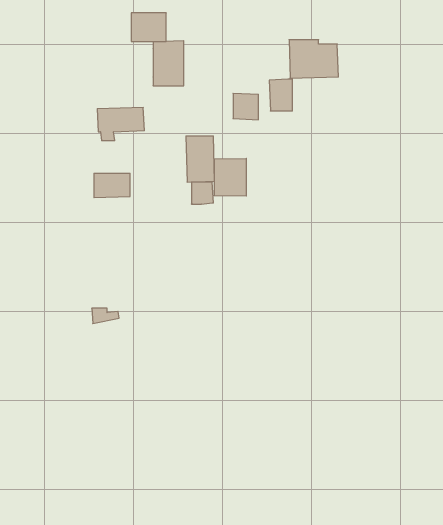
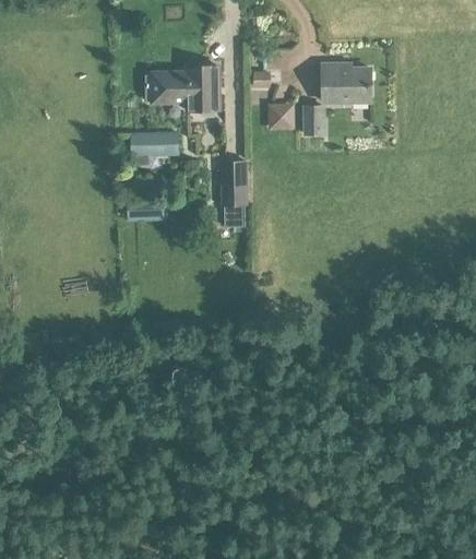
building: [131,13,166,41] -> [151,73,186,102]
building: [214,158,246,196] -> none

